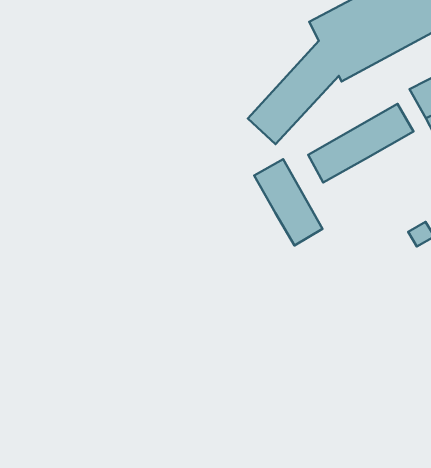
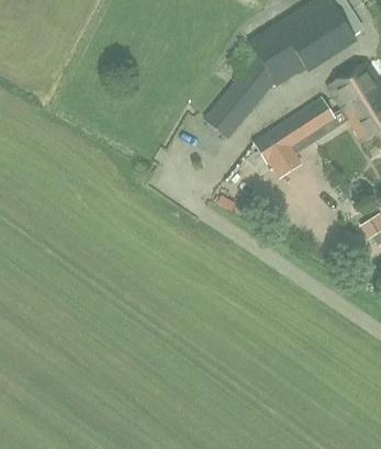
building: [254,159,323,246] -> none

